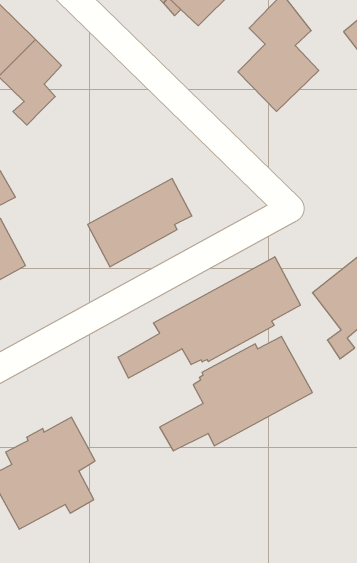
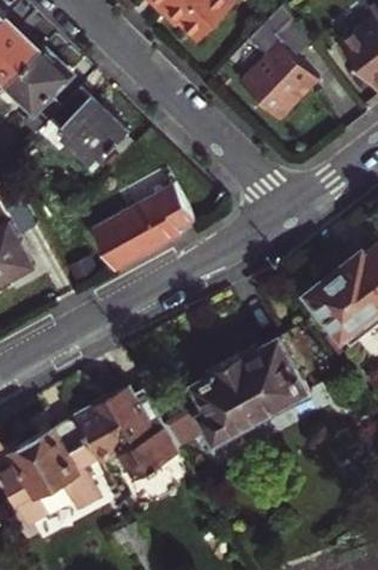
building: none -> [50,88,128,166]
building: [118,257,300,378] -> none
building: none -> [78,388,178,478]

